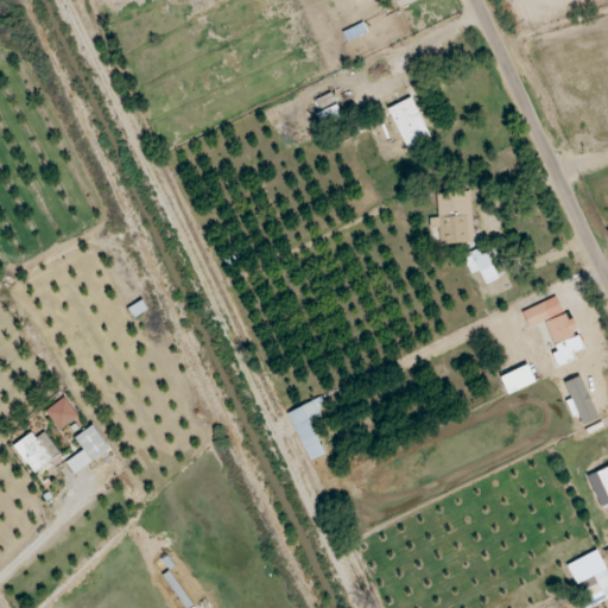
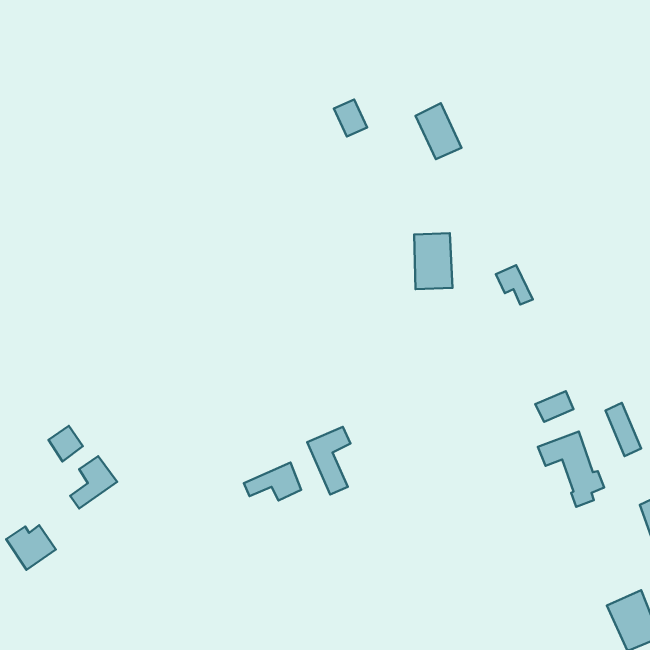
building: [438,191,474,243] -> [414,233,453,289]
building: [522,296,584,366] -> [538,432,604,507]
building: none -> [244,463,301,500]
building: [14,431,61,473] -> [6,525,56,570]

